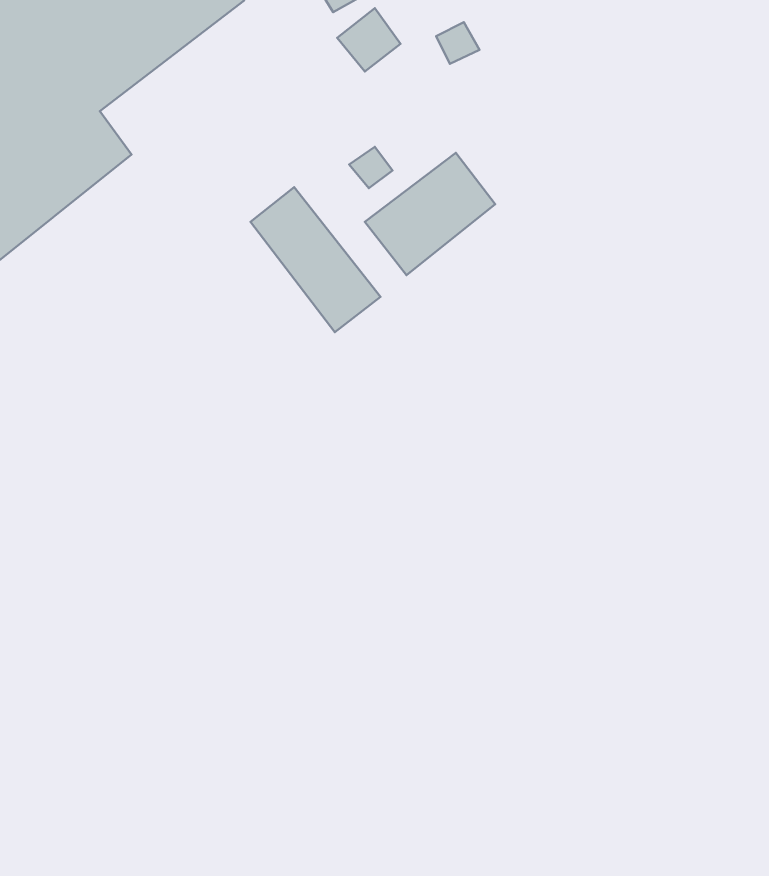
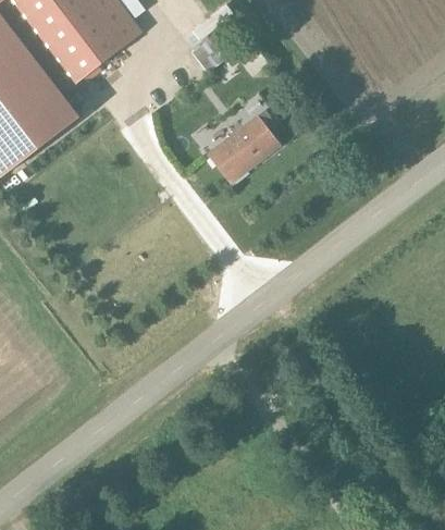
building: [250,187,380,332] -> none

